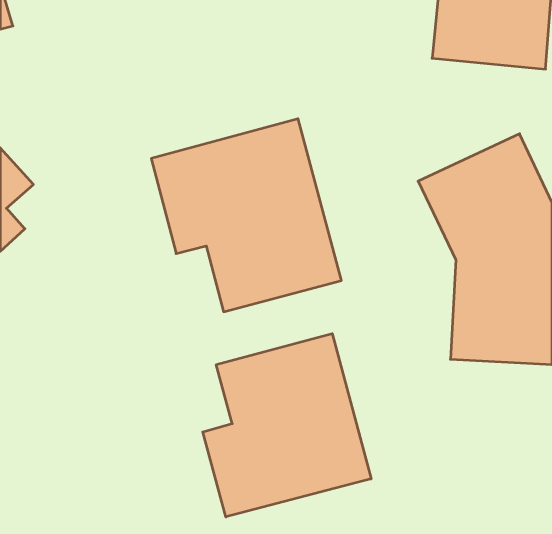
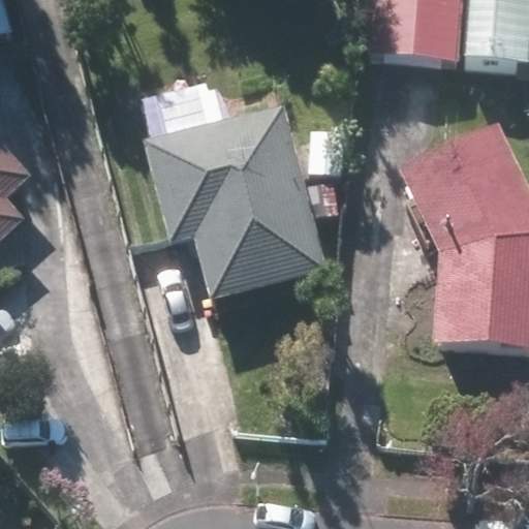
building: [203,334,371,517] -> none

